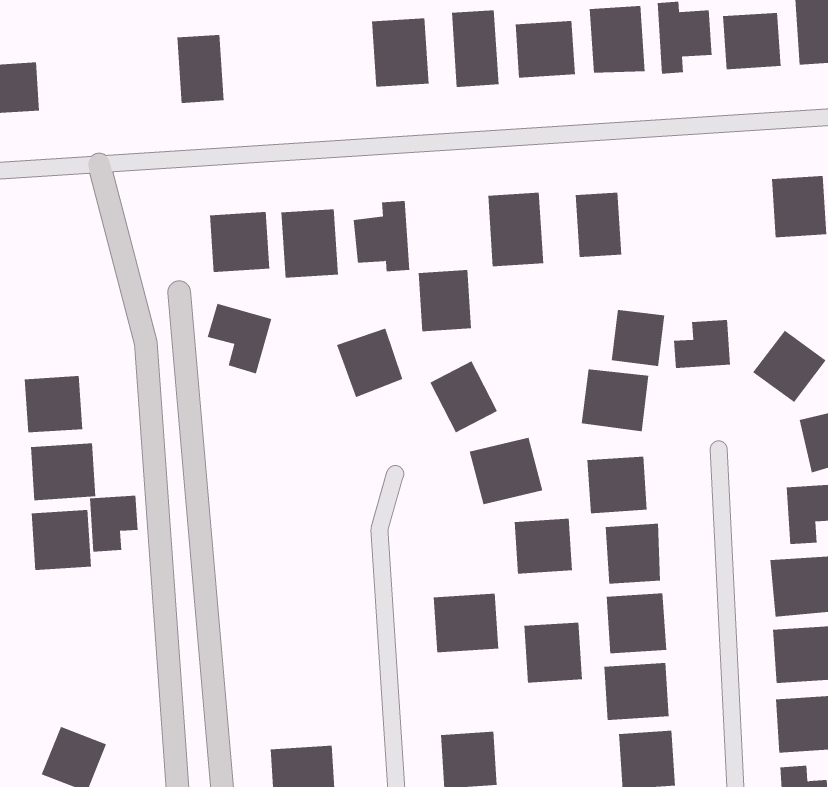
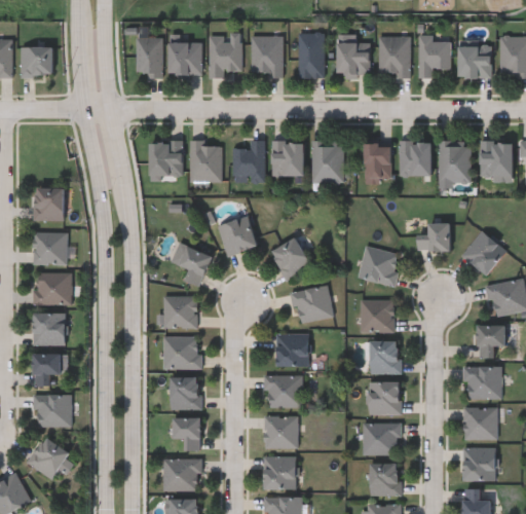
building: none -> [209,35,241,76]
building: none -> [167,41,201,74]
building: none -> [439,143,471,186]
building: none -> [400,143,430,178]
building: [418,269,472,332] -> [272,143,302,178]
building: none -> [34,189,63,221]
building: [207,303,272,374] -> [172,244,211,287]
building: [611,309,665,367] -> none
building: none -> [164,297,197,329]
building: [89,495,138,552] -> [32,354,60,386]
building: [514,518,573,574] -> [276,335,309,366]
building: none -> [164,338,200,370]
building: none -> [170,378,200,410]
building: [524,622,583,683] -> [265,416,298,450]
building: none -> [34,395,71,427]
building: none -> [172,418,200,451]

